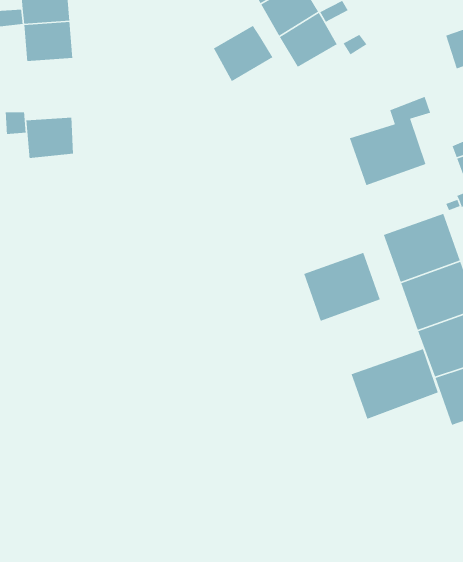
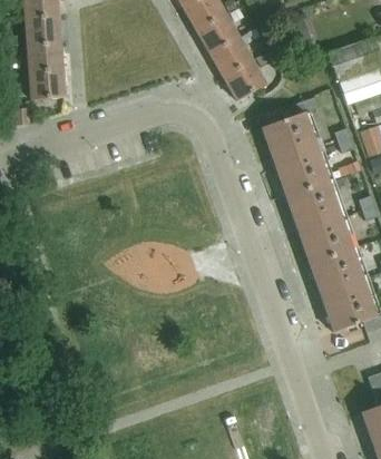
building: [213,25,274,82] -> [225,60,268,101]
building: [26,117,74,159] -> [31,70,66,100]
building: [303,252,381,322] -> [274,146,330,196]
building: [351,348,439,420] -> none

